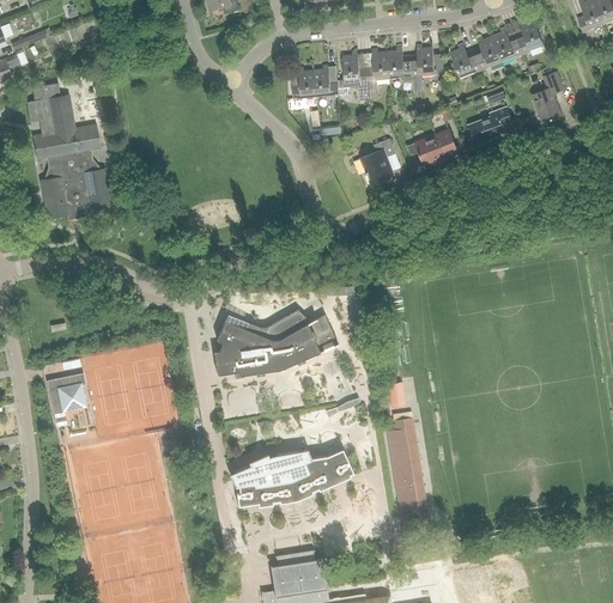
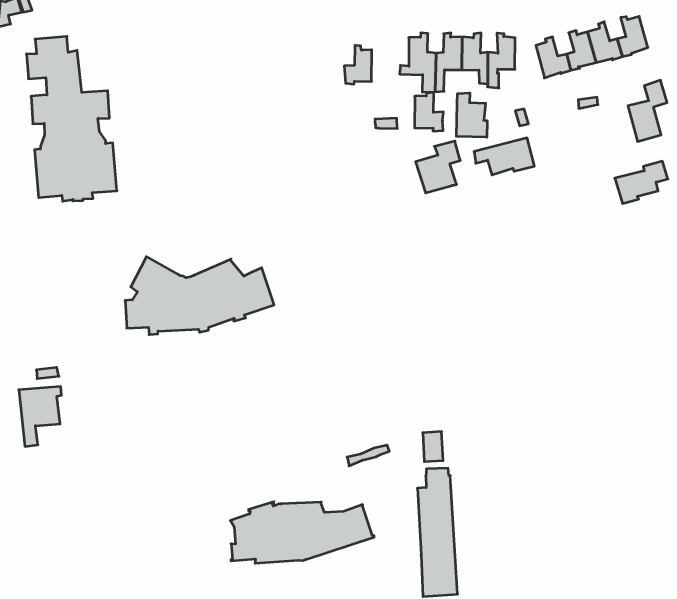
building: [314,63,340,96] -> [415,92,443,131]
building: none -> [456,93,487,137]
building: [468,106,512,145] -> [615,161,668,203]
building: [213,307,338,377] -> [125,257,274,335]

